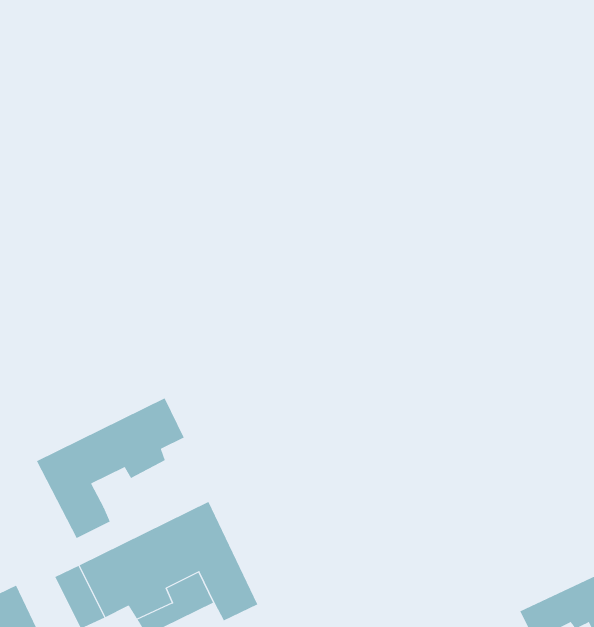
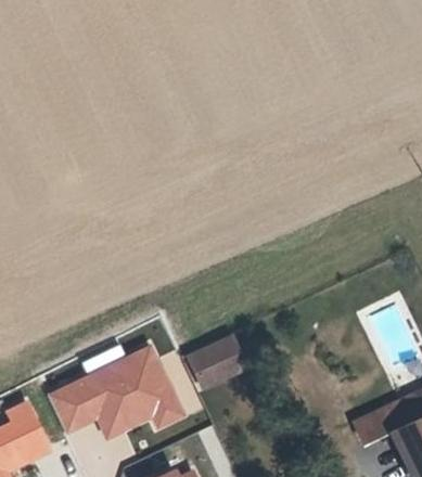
building: [36,397,184,539] -> none
building: none -> [191,337,245,385]

